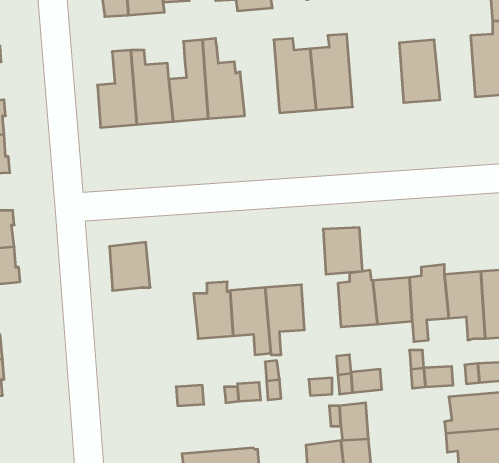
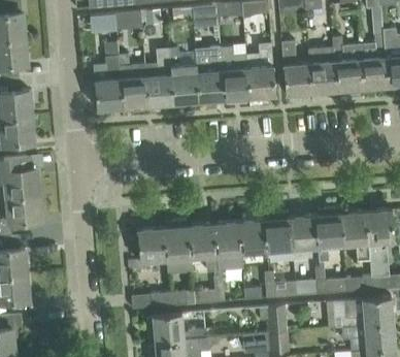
building: none -> [333,38,362,91]
building: none -> [281,42,311,95]
building: none -> [192,48,224,102]
building: [323,228,362,274] -> [239,221,267,254]
building: [109,242,150,290] -> [137,228,166,262]
building: none -> [146,314,205,342]

